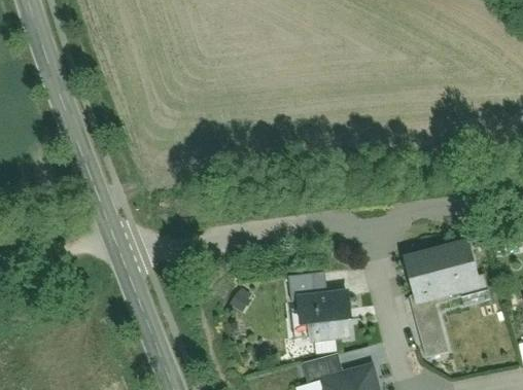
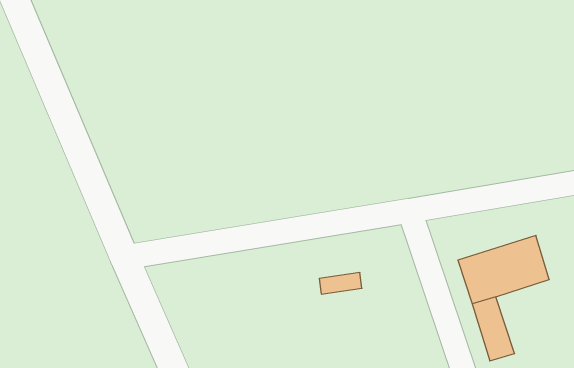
building: [290,291,357,340] -> none

